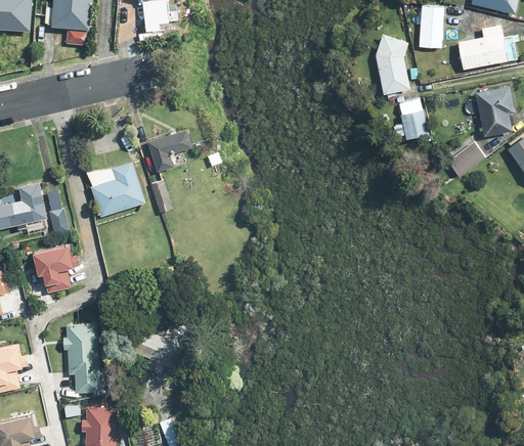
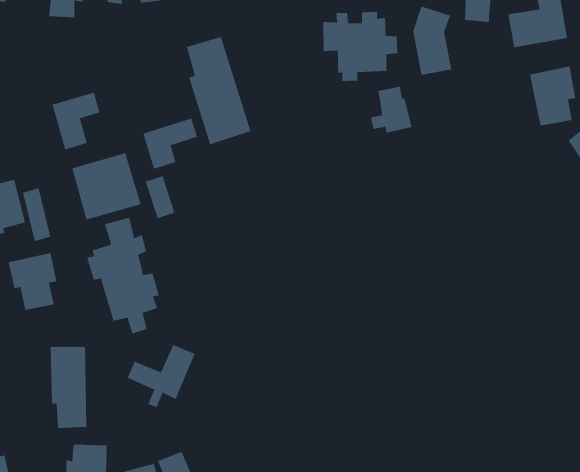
building: none -> [323,11,398,82]
building: none -> [186,36,251,145]
building: [393,100,429,140] -> [370,86,412,133]
building: none -> [52,92,100,150]
building: [447,142,485,177] -> none
building: none -> [87,217,160,334]

